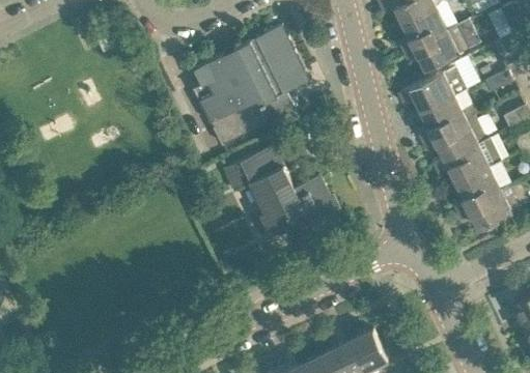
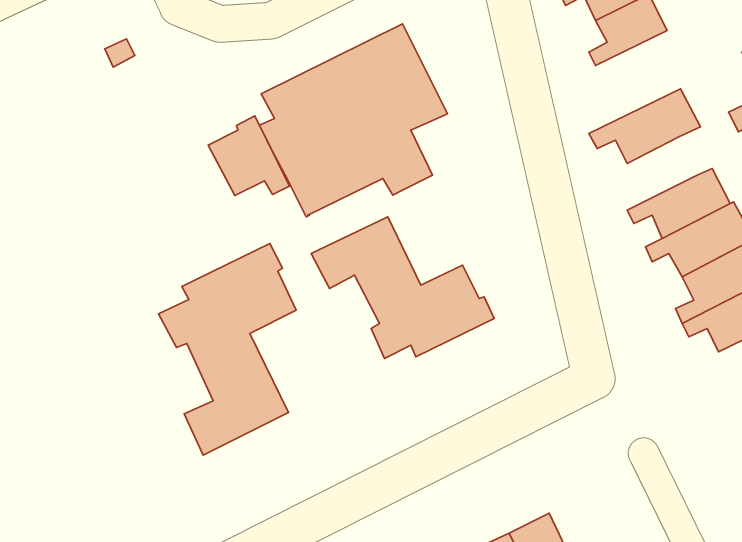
building: [402,25,470,70] -> none
building: none -> [208,116,290,196]
building: [417,96,477,142] -> none
building: none -> [159,243,296,455]

